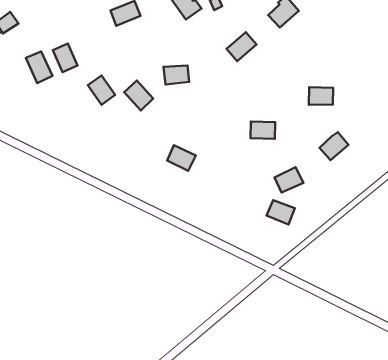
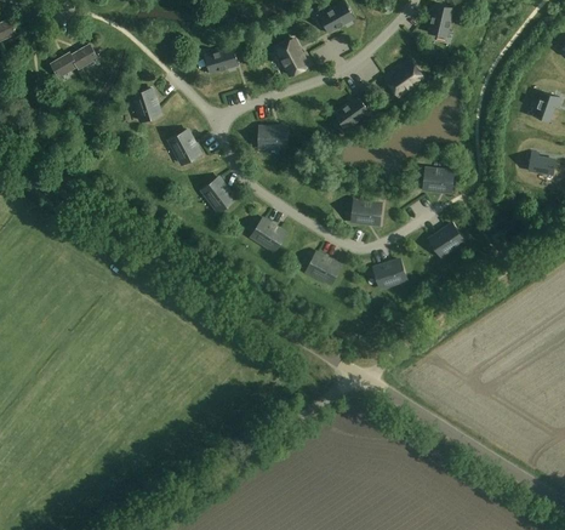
building: [26,52,52,83] -> none
building: [124,80,153,110] -> [202,177,235,212]
building: [266,200,295,225] -> [307,253,341,284]

